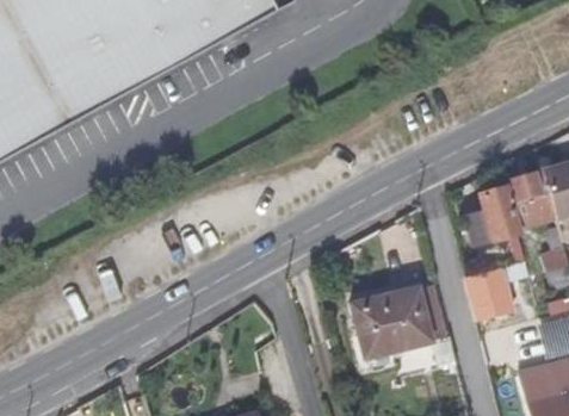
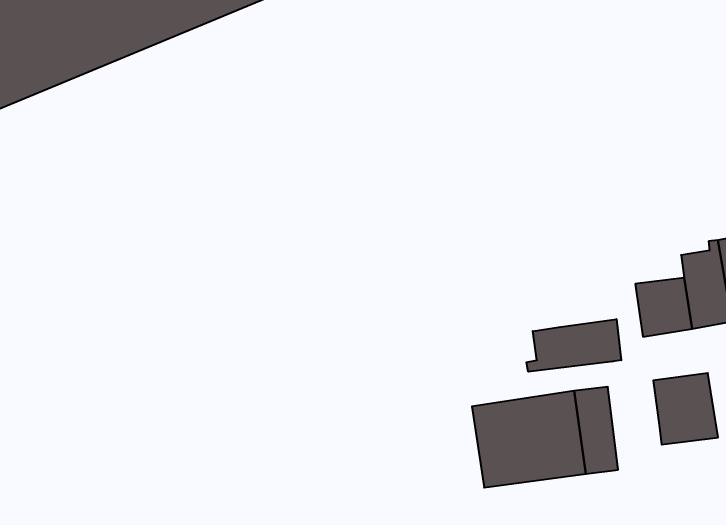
building: none -> [526,319,621,372]

